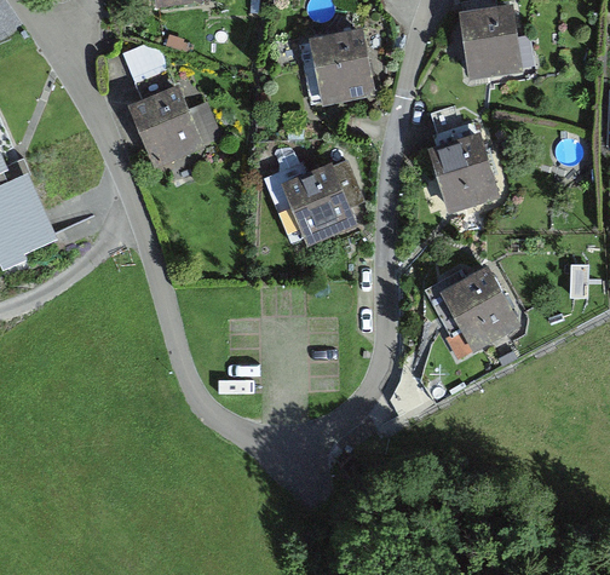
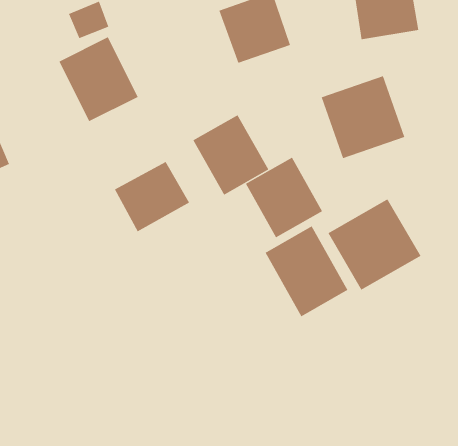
building: none -> [245,157,323,238]
building: none -> [114,161,190,232]
building: none -> [265,226,348,317]

